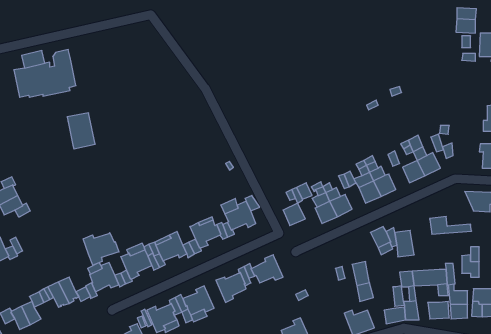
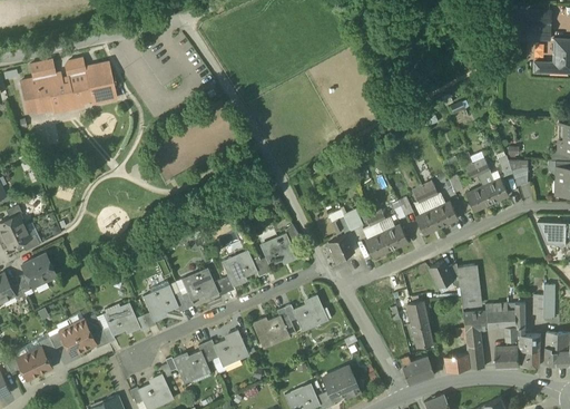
building: [67,113,95,149] -> [85,64,117,105]
building: [430,217,472,234] -> [460,294,508,314]
building: none -> [22,254,56,286]
building: [83,233,119,265] -> none

